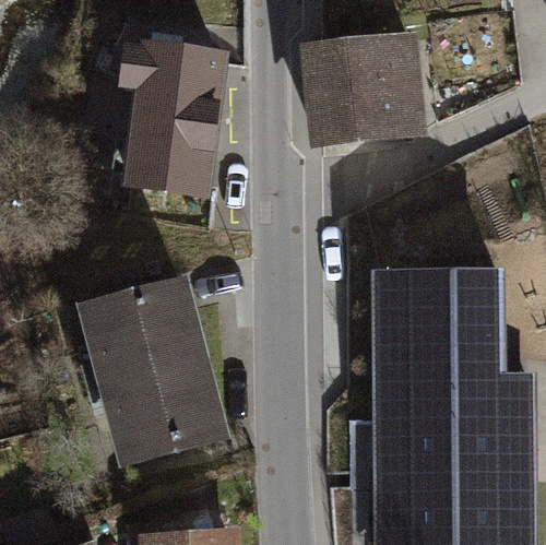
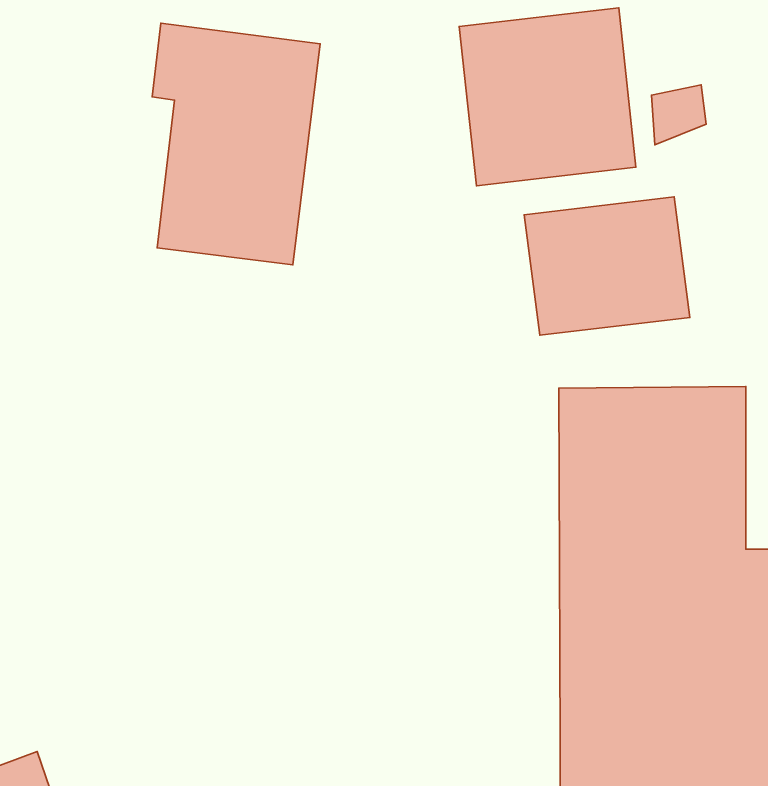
building: none -> [524,197,690,335]
building: [78,275,226,464] -> none

